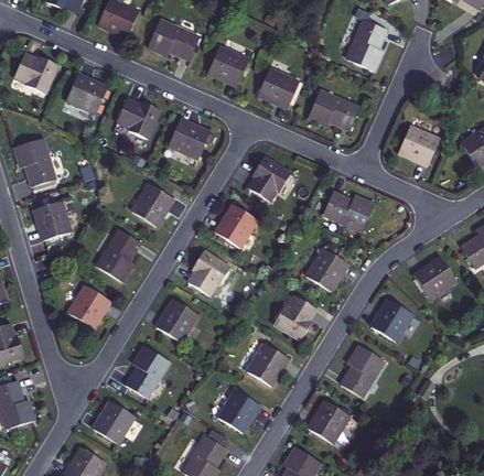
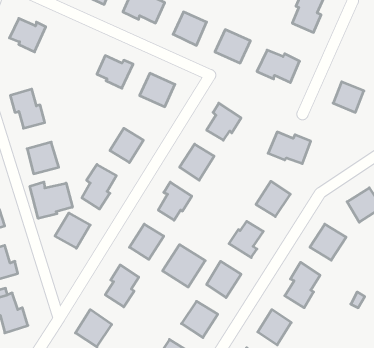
building: [65,74,108,115] -> none
building: none -> [30,182,72,218]
building: none -> [163,245,205,287]

